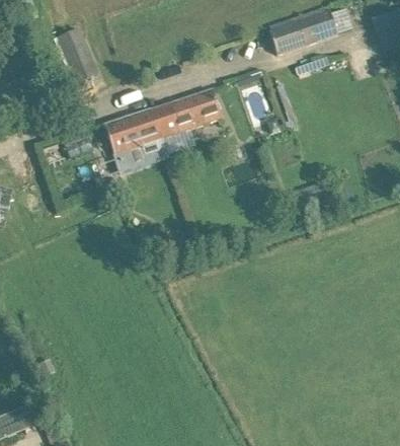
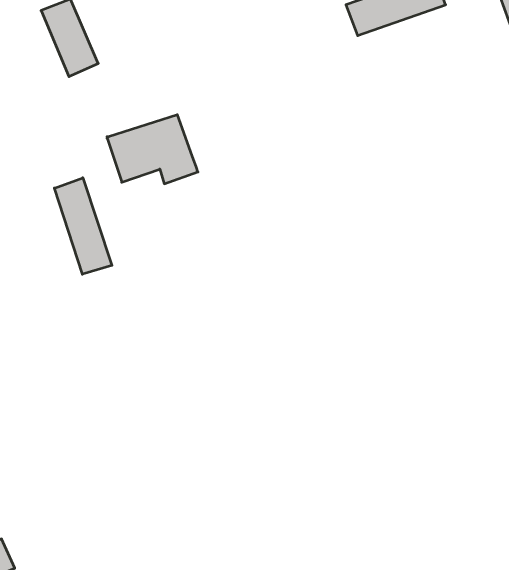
building: [152,89,222,137] -> none
building: none -> [54,178,112,274]

